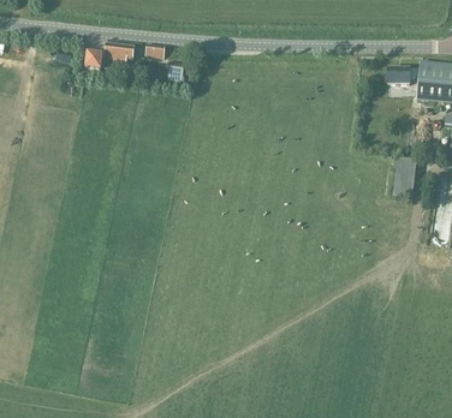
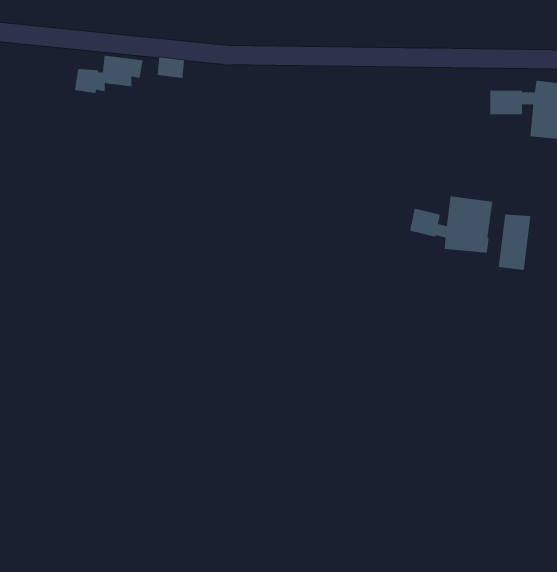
building: none -> [410,195,493,254]

